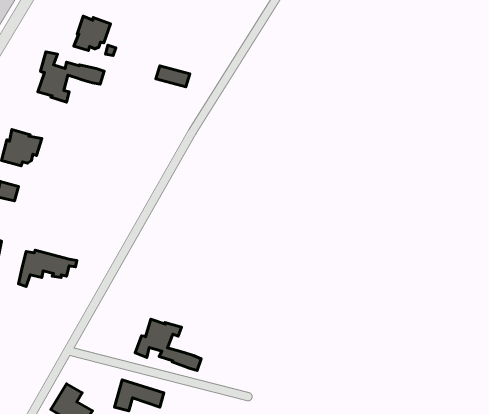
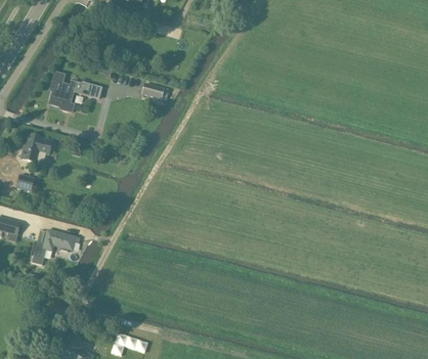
building: [74,16,111,51] -> none
building: [135,319,201,371] -> none

